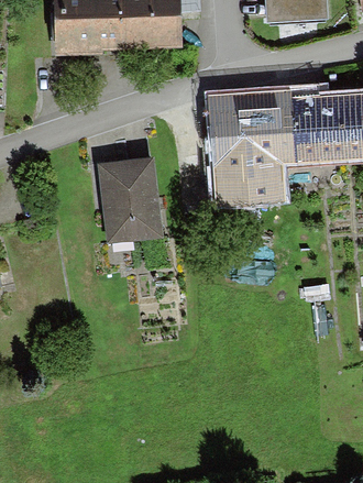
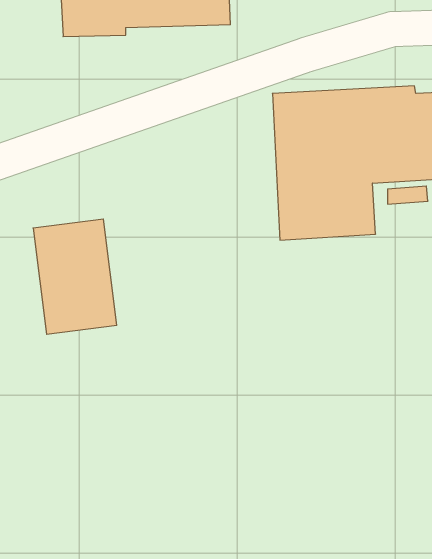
building: [99,158,161,243] -> [33,219,117,334]

